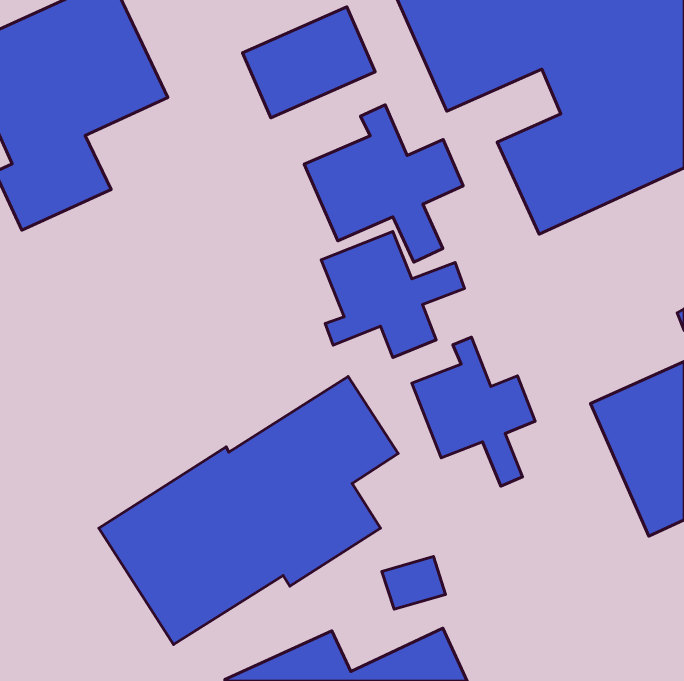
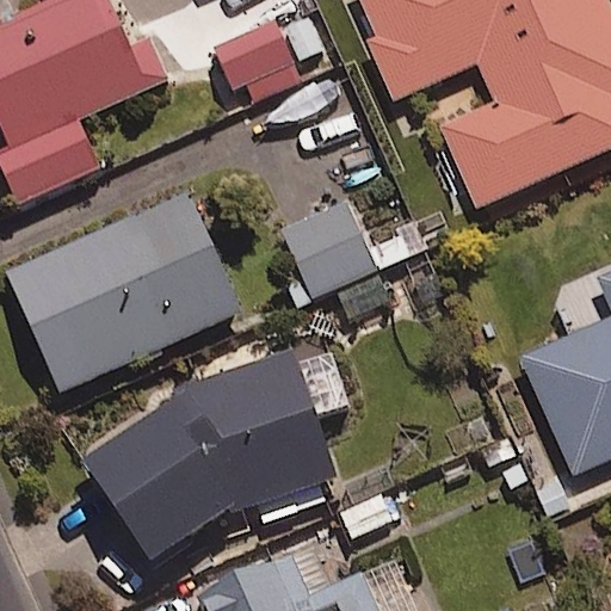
building: [304,105,463,262] -> none
building: none -> [8,193,239,390]
building: [412,337,535,486] -> none

